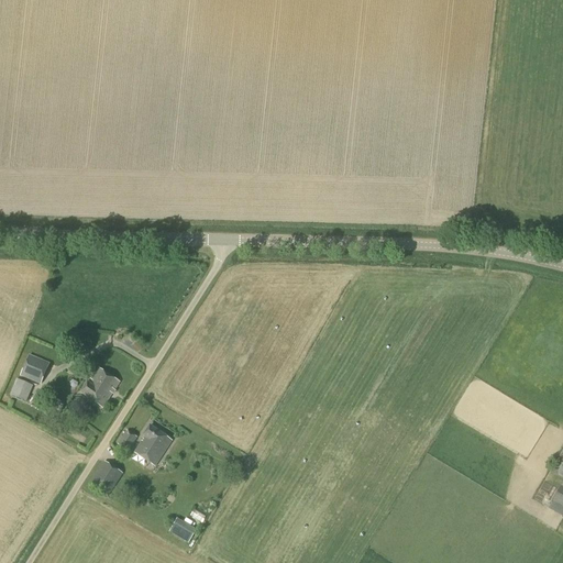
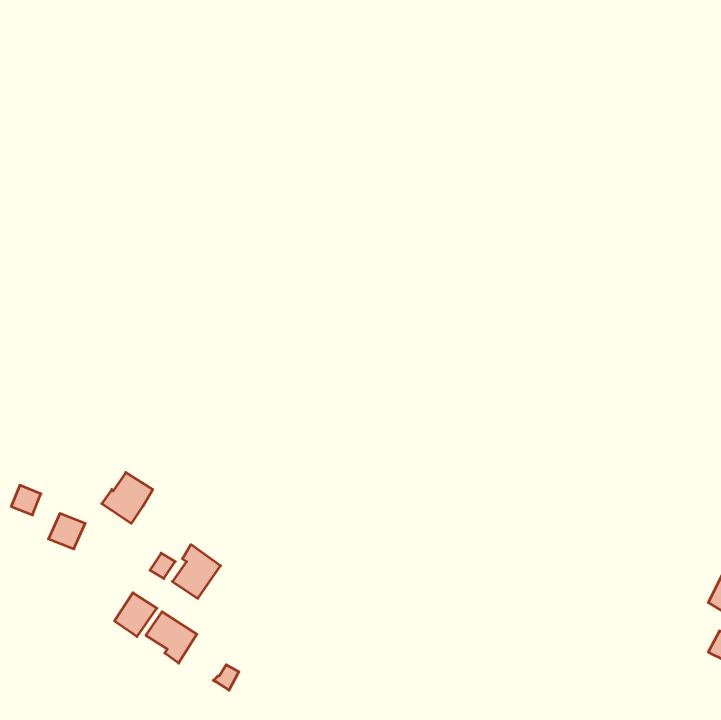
building: [21,354,49,382] -> [48,514,85,549]
building: none -> [146,612,197,663]

